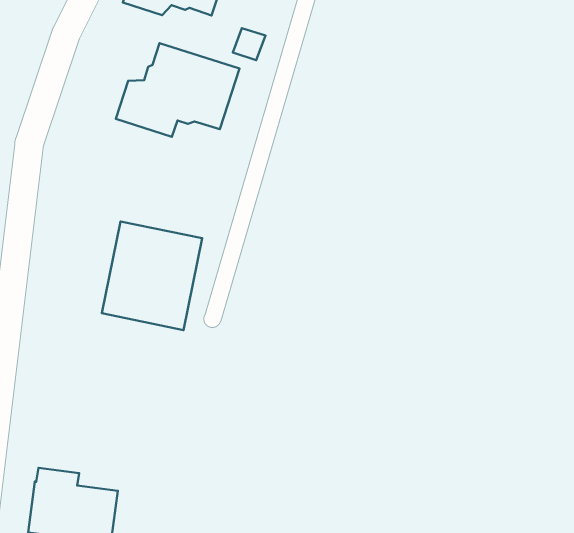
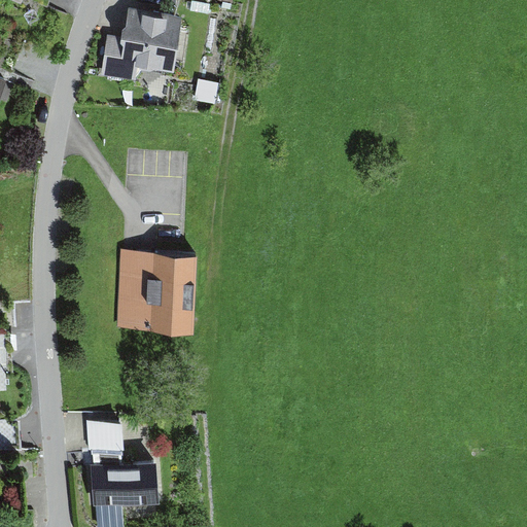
building: [116,43,239,137] -> none
building: none -> [83,422,122,457]

